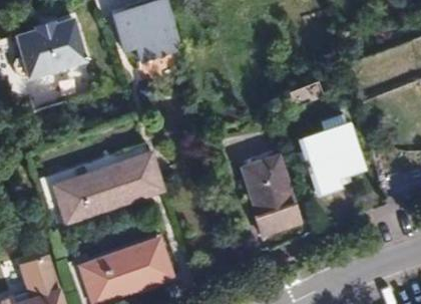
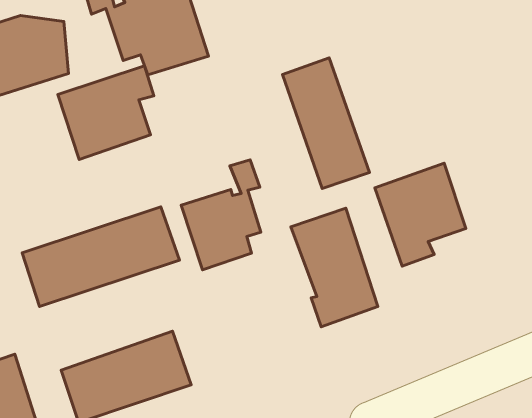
building: none -> [283,58,369,188]
building: none -> [58,66,154,160]
building: none -> [181,160,261,270]

